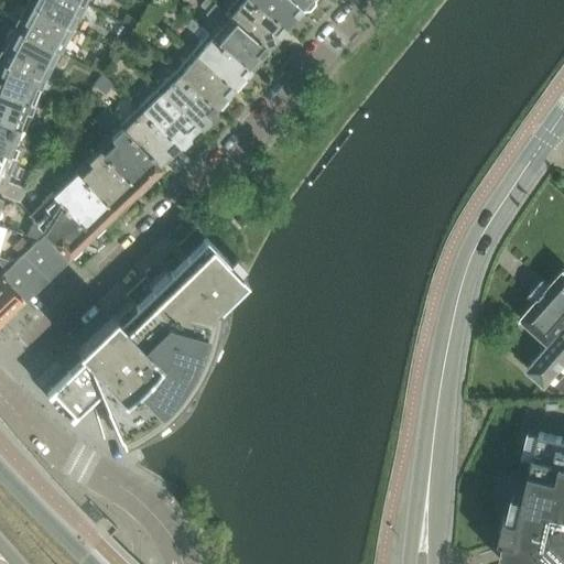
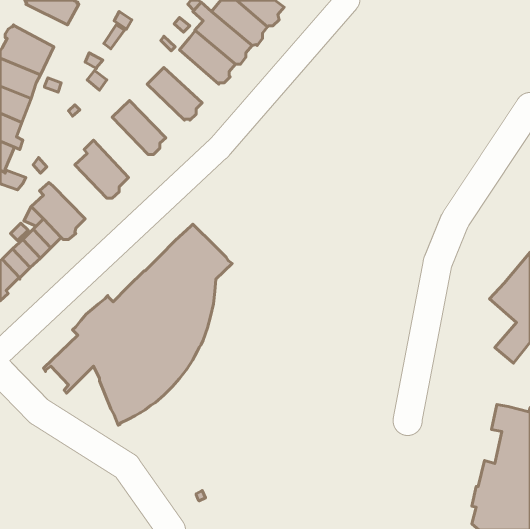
building: [15,6,72,51] -> none
building: [174,54,232,110] -> none
building: [138,90,196,148] -> none
building: [93,111,158,189] -> none
building: [56,173,113,234] -> none

